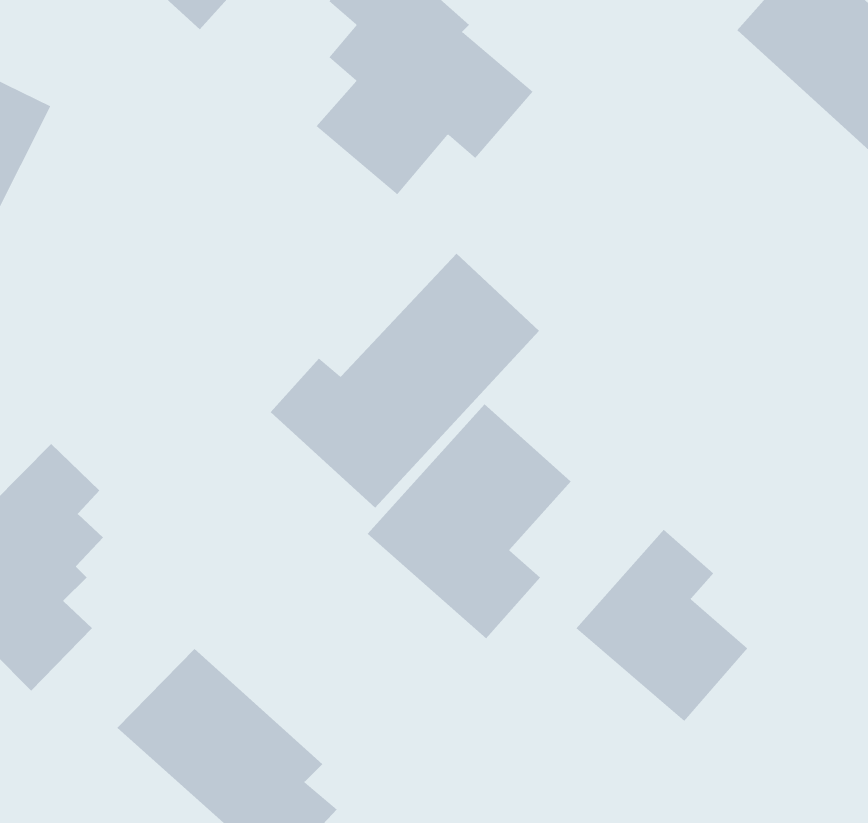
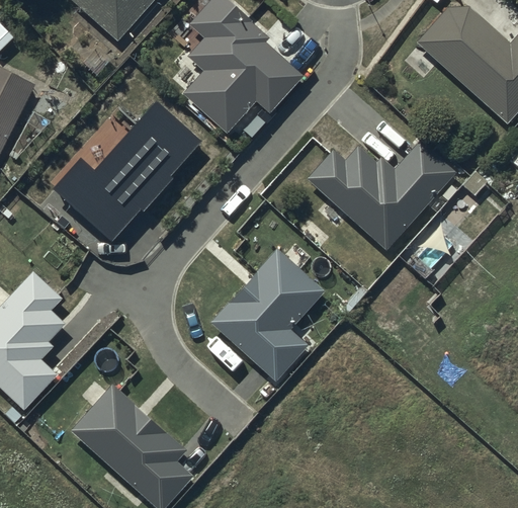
building: none -> [308,142,454,247]
building: [270,253,540,508] -> [54,99,204,242]
building: [576,529,748,722] -> none

